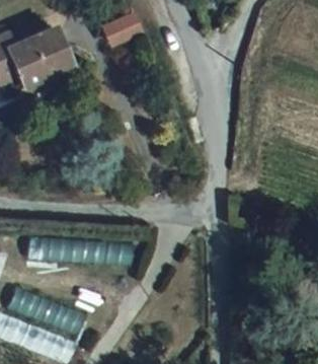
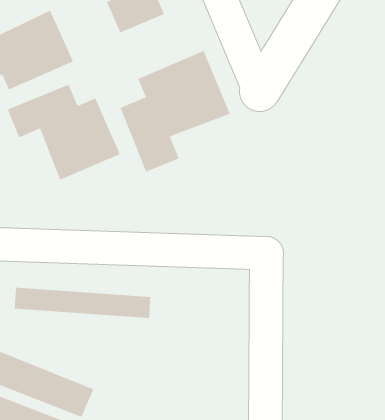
building: none -> [120,50,231,173]
building: none -> [7,84,121,181]

